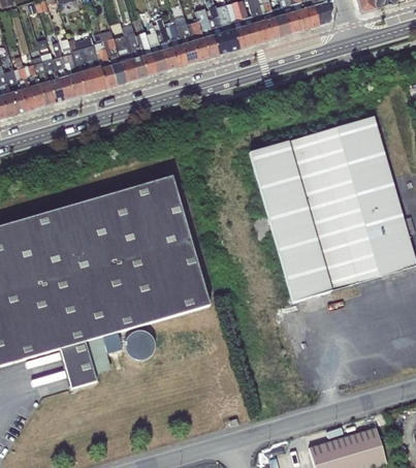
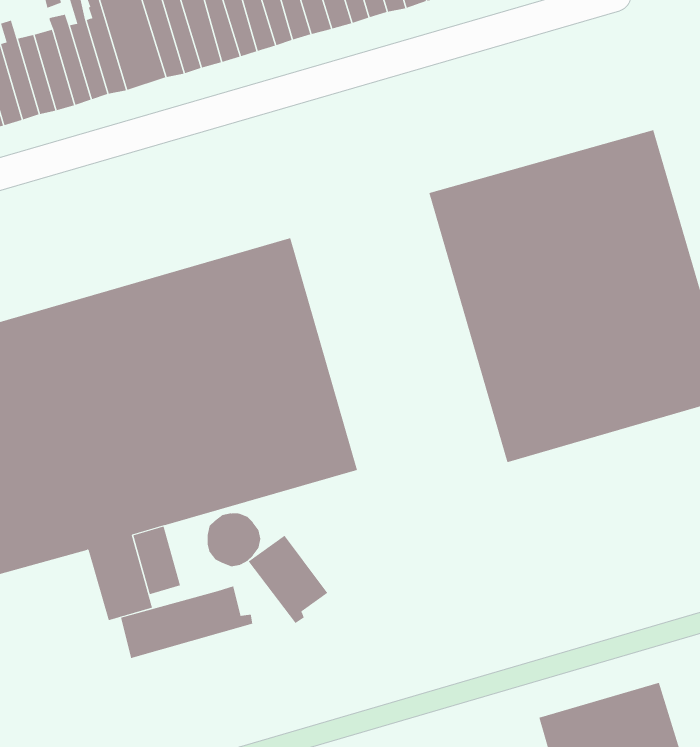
building: none -> [248,535,328,624]
building: none -> [121,586,253,659]

